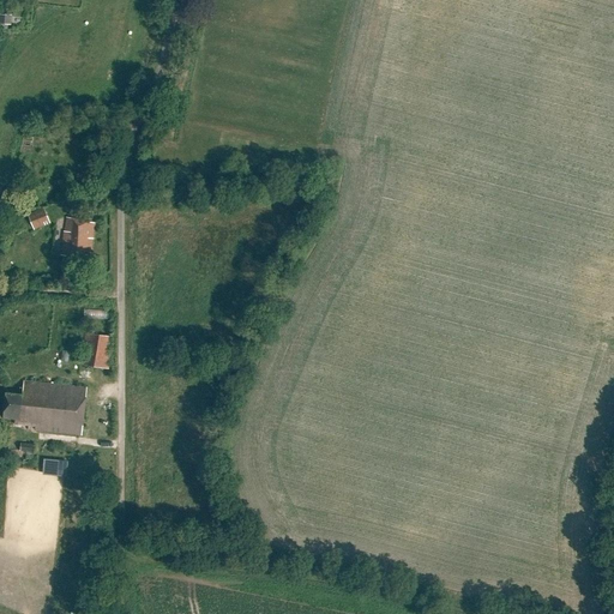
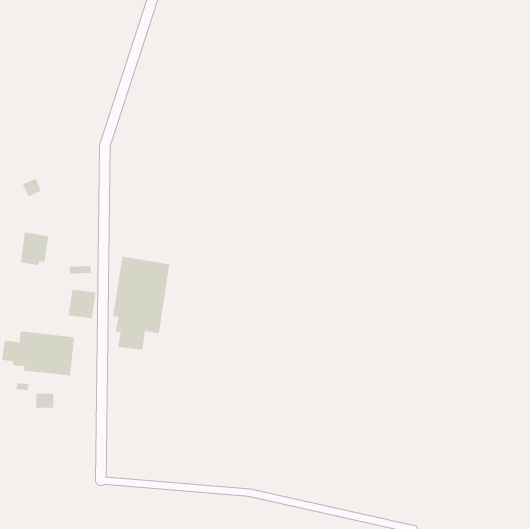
building: [60,217,94,257] -> [20,232,49,266]
building: none -> [112,256,170,351]

